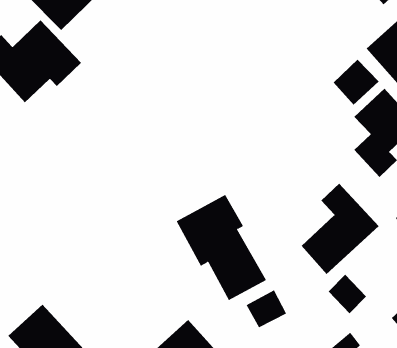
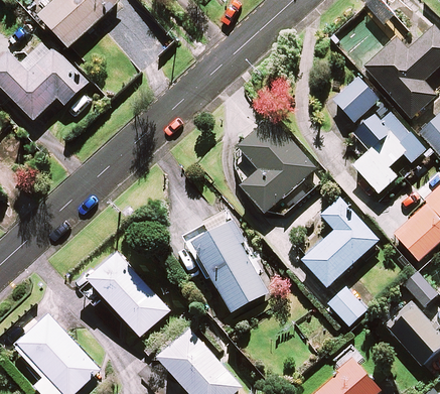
building: none -> [240,119,315,213]
building: none -> [90,254,169,336]
building: [246,290,287,328] -> none

